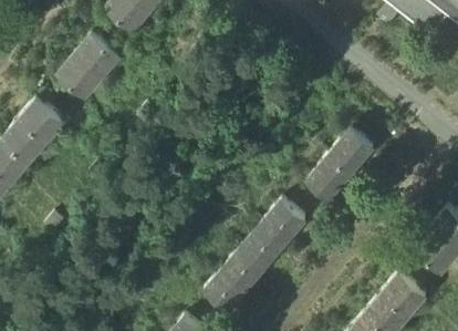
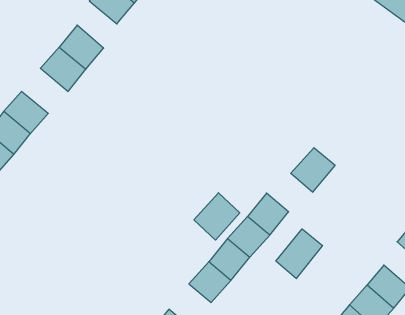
building: [330,128,374,173] -> none
building: none -> [194,193,240,240]
building: none -> [276,229,322,279]

